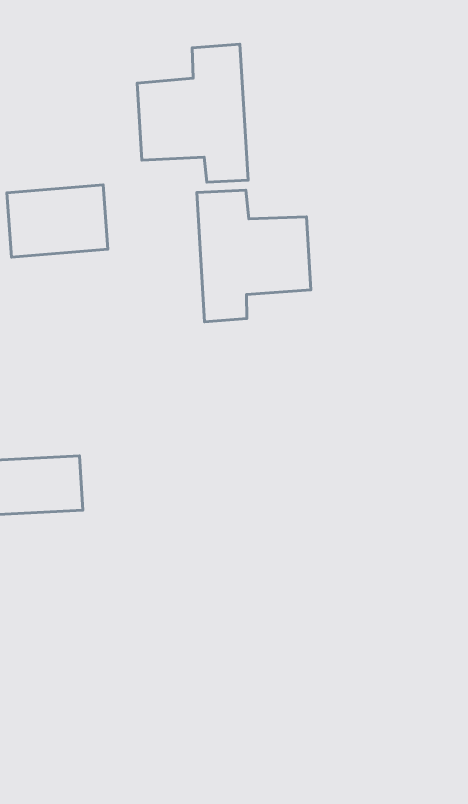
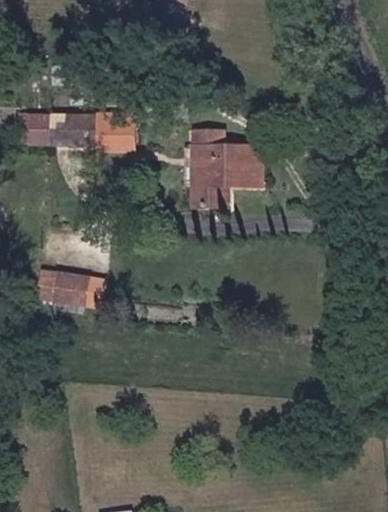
building: [137,44,248,182] -> none

